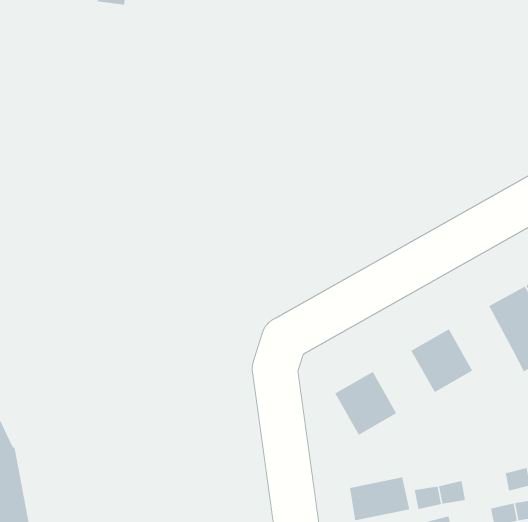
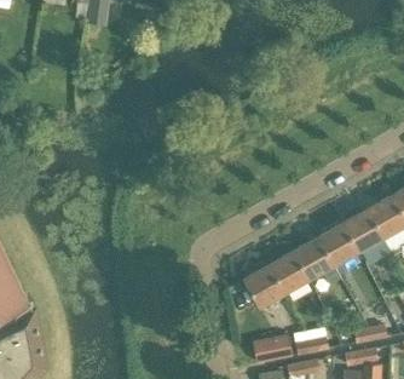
building: none -> [317,224,358,266]
building: none -> [267,253,307,294]

